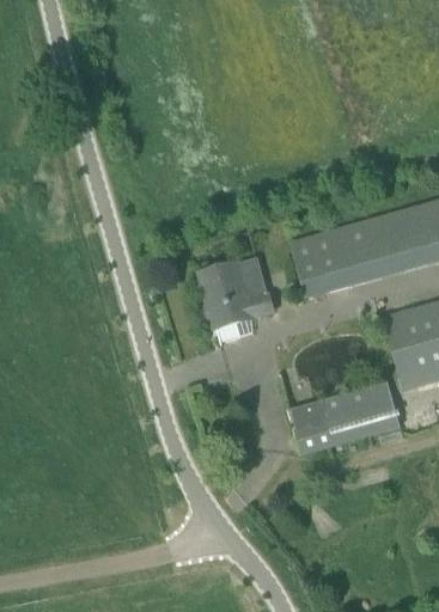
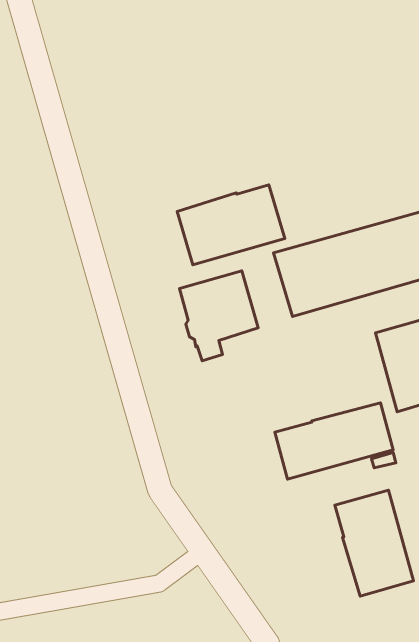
building: none -> [177,185,285,265]
building: none -> [335,490,414,596]

